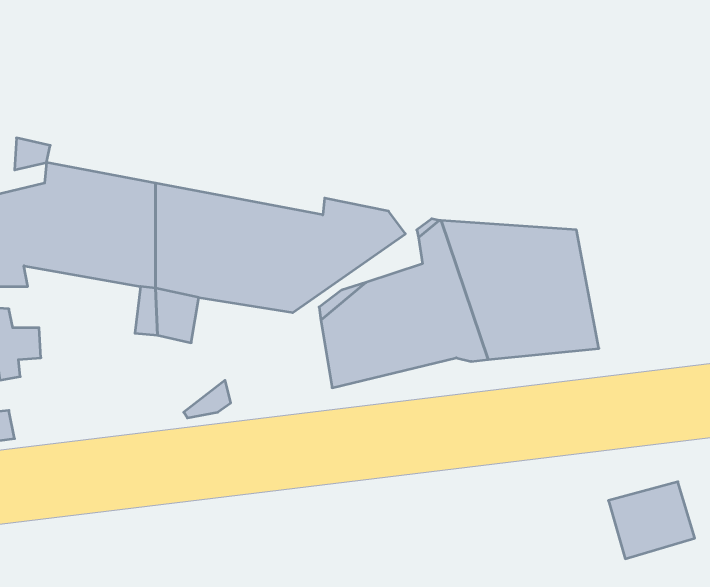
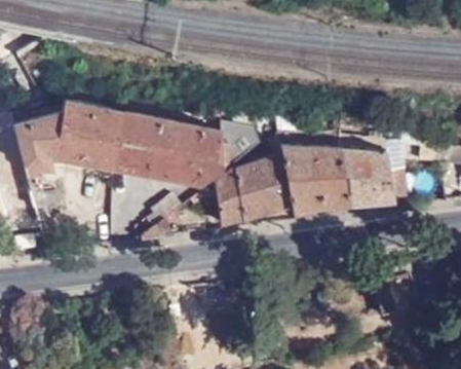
building: none -> [355,141,407,206]

